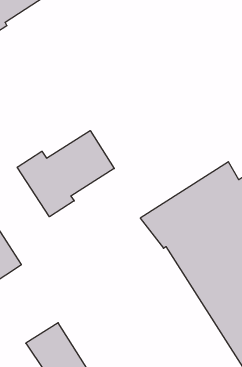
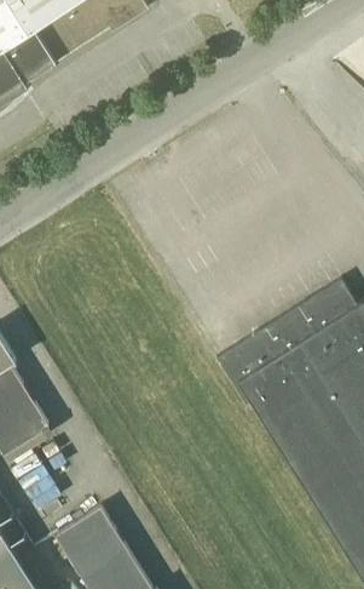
building: [17,131,114,217] -> none

